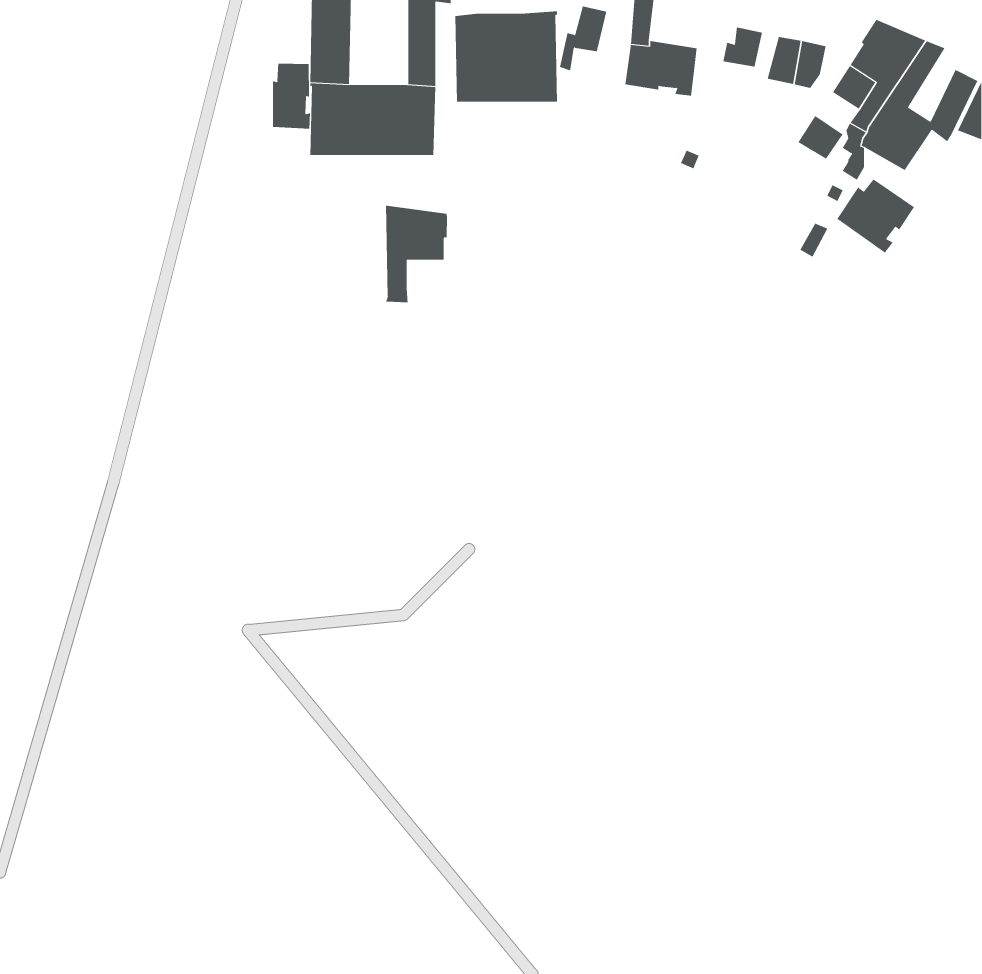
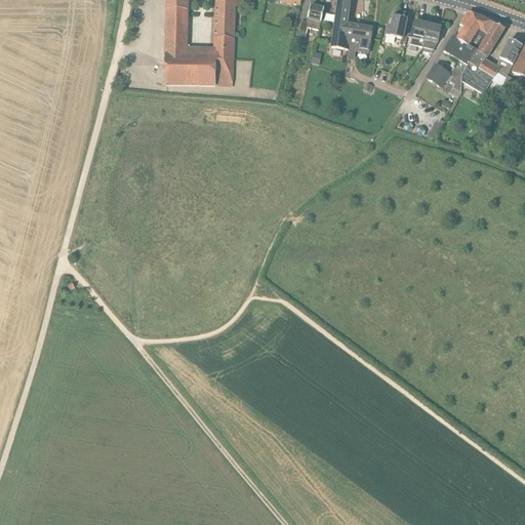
building: [455,10,557,103] -> none
building: [272,63,311,129] -> none
building: [836,179,915,253] -> none
building: [385,205,447,303] -> none

